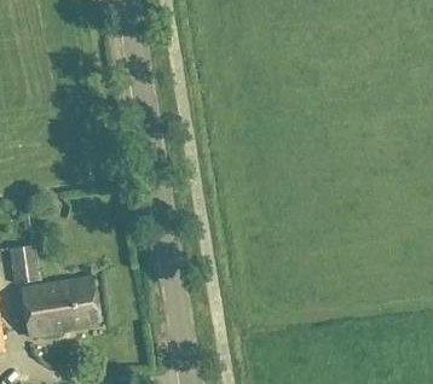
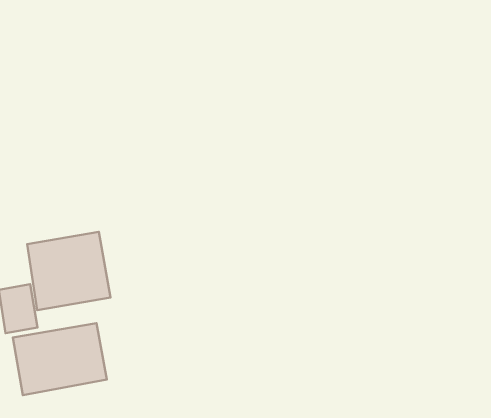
building: none -> [27,232,110,310]

